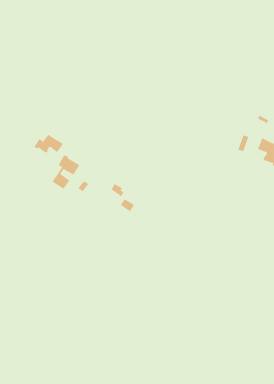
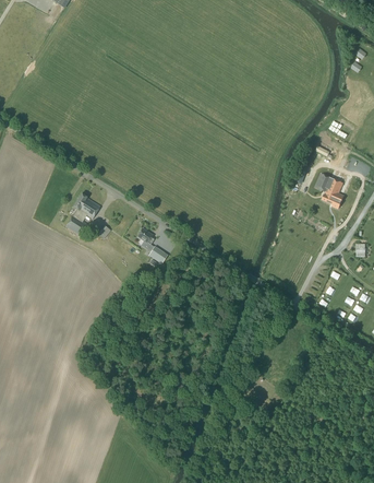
building: [34,134,64,154] -> none

